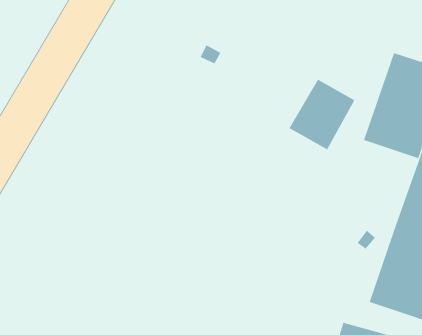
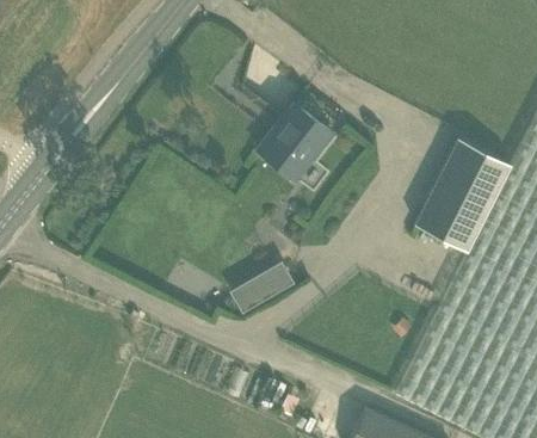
building: [289,79,355,150] -> [258,104,331,179]
building: none -> [228,261,292,313]

